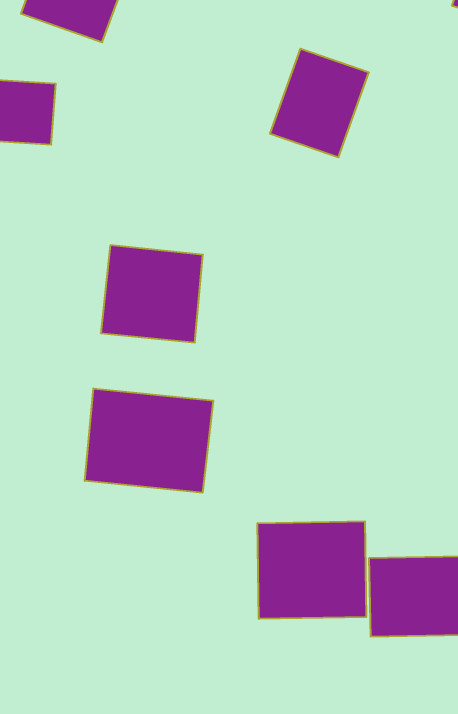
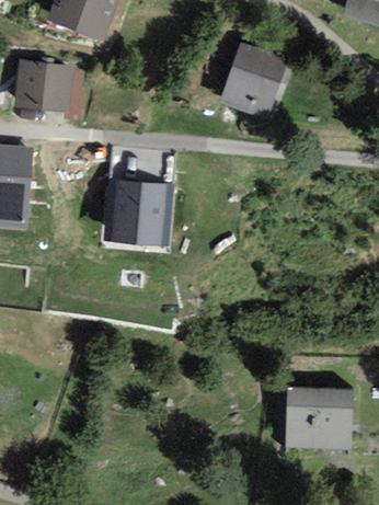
building: [85,388,213,493] -> none
building: [258,521,366,619] -> none

